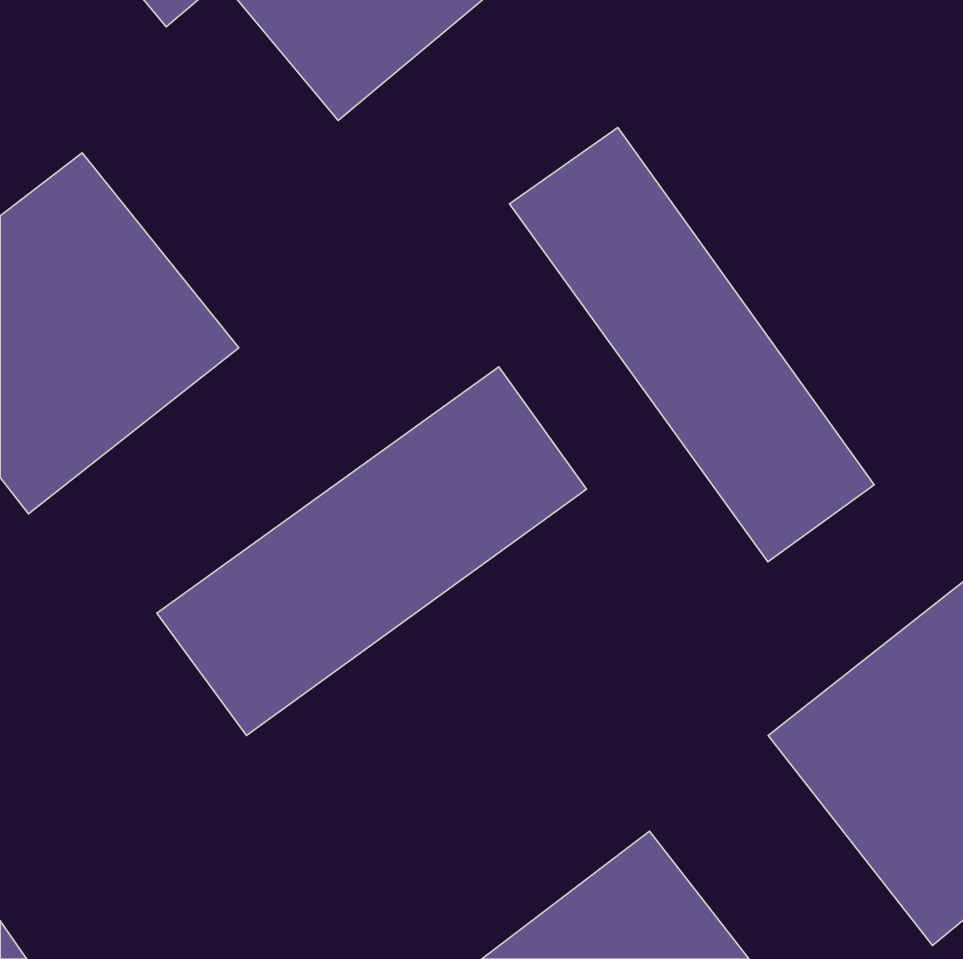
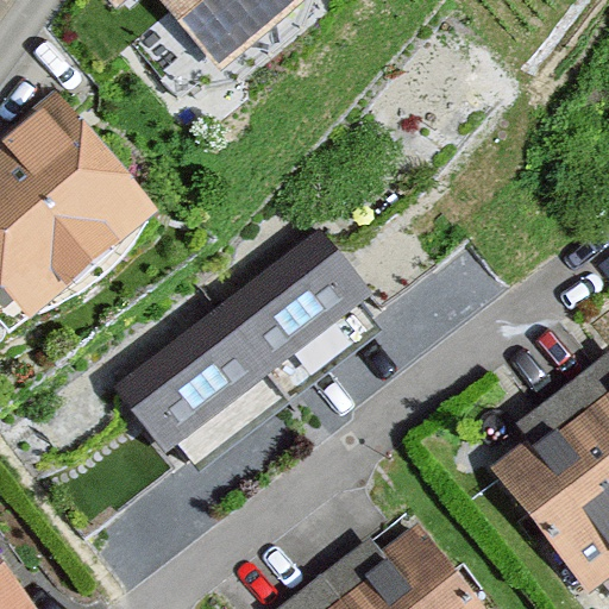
building: [510,127,874,562] -> none

